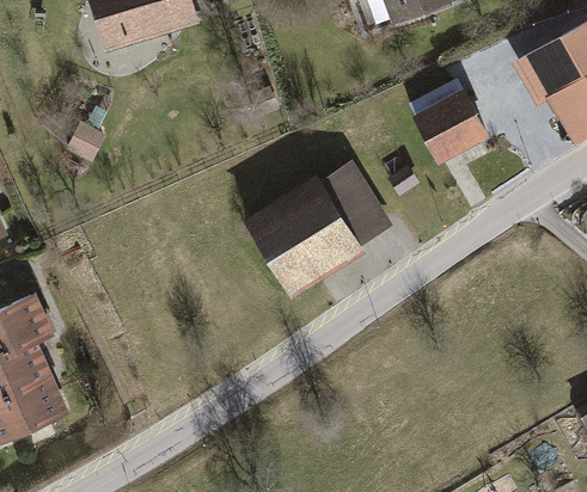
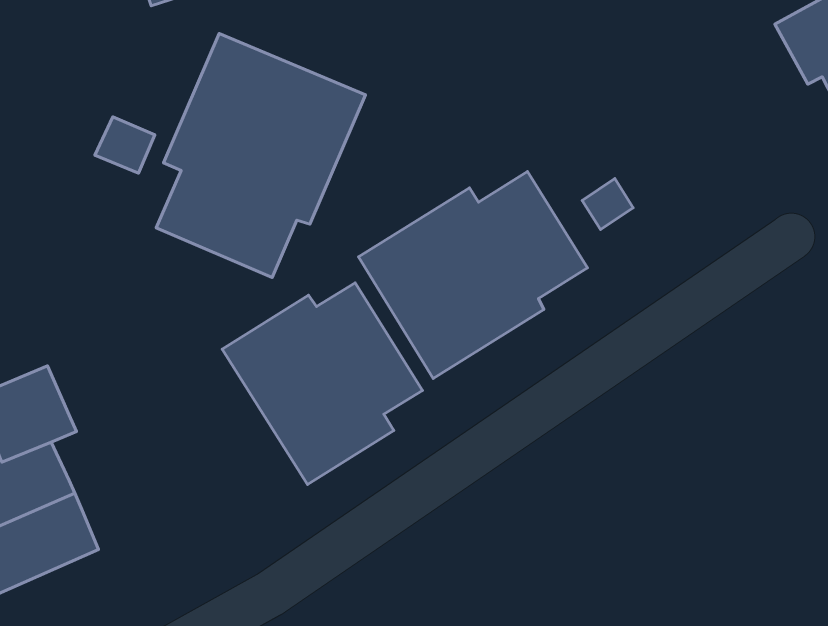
building: none -> [156,33,365,277]
building: [409,79,488,165] -> none
building: none -> [222,283,422,485]

